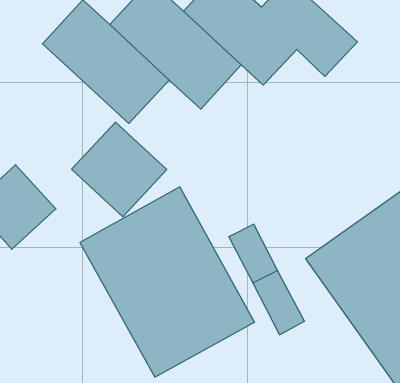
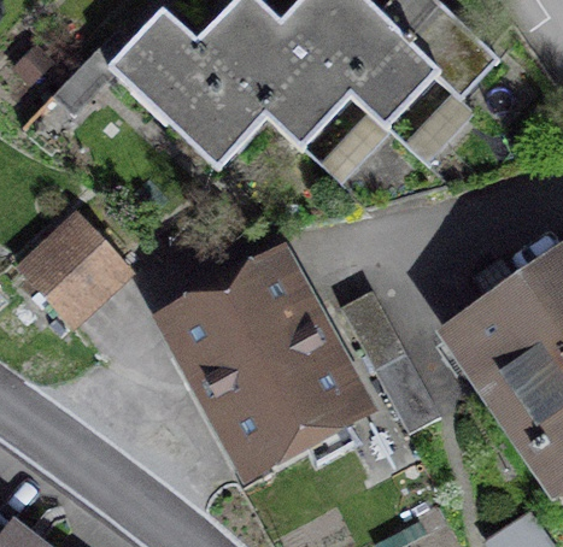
building: [72,122,167,217] -> none

